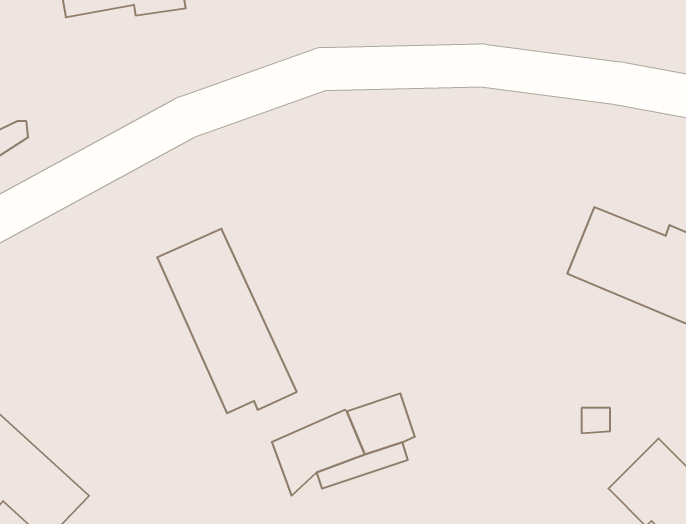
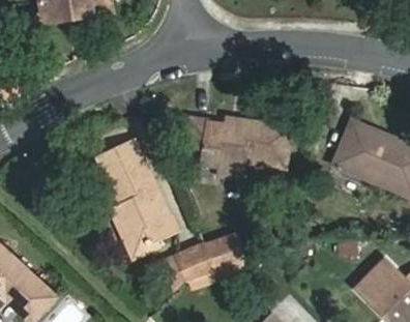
building: none -> [185,119,290,170]

